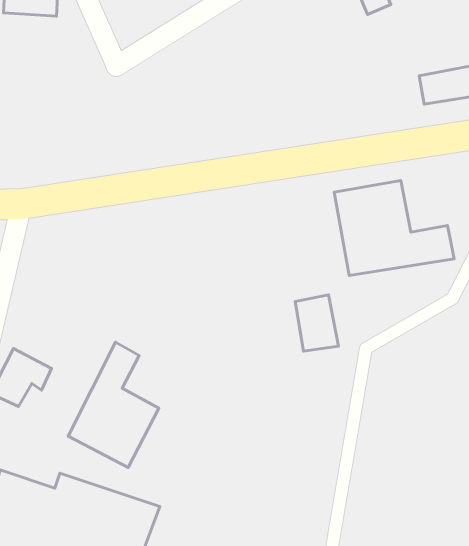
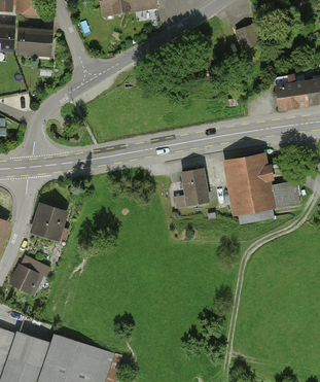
building: none -> [31,203,68,241]
building: [295,295,338,351] -> [182,167,209,202]
building: [68,342,159,468] -> none

